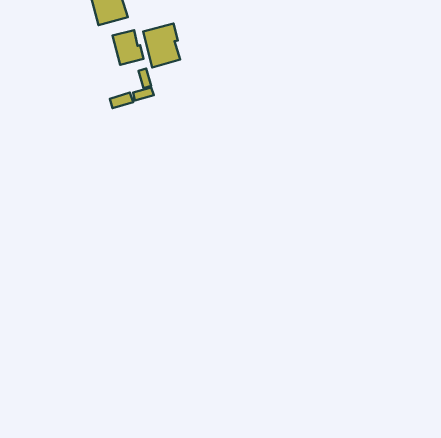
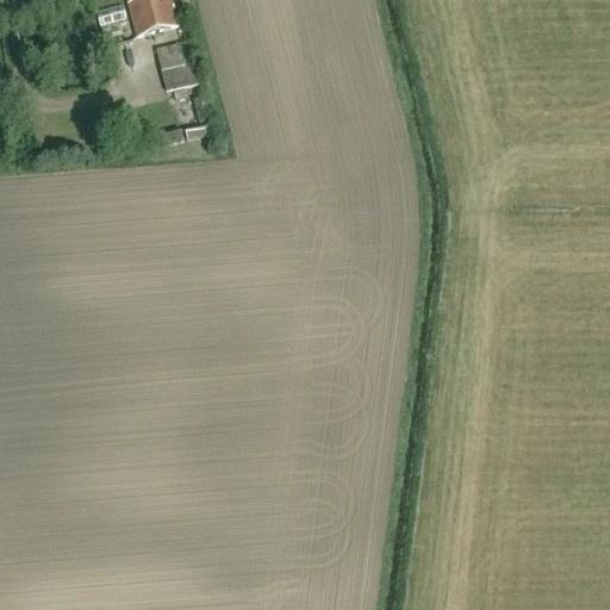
building: [143,24,180,67] -> none

